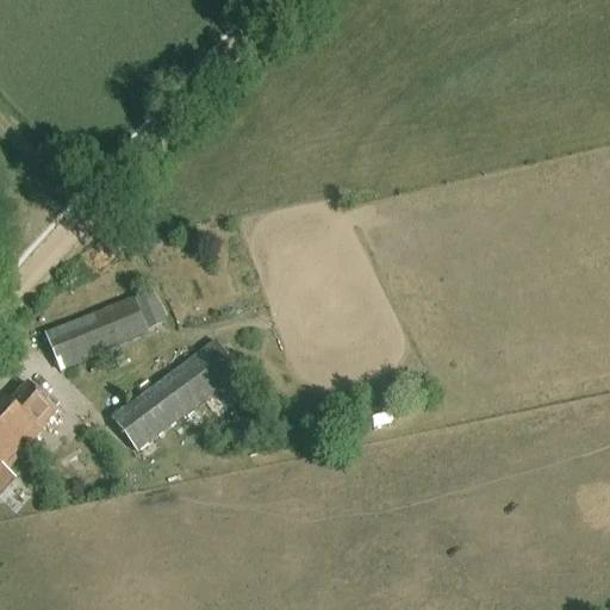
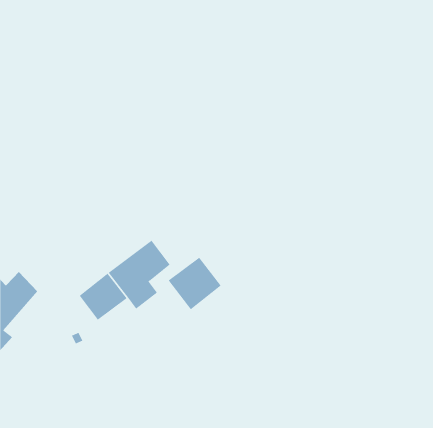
building: [44,286,164,369] -> none
building: none -> [168,257,222,310]

